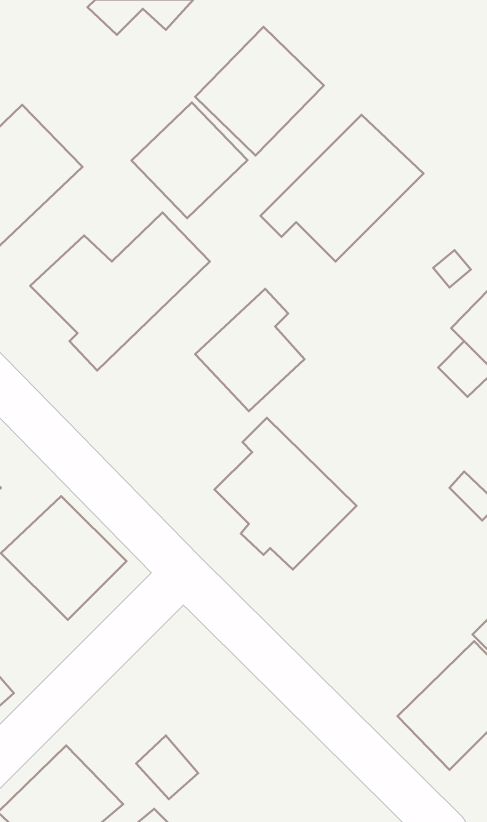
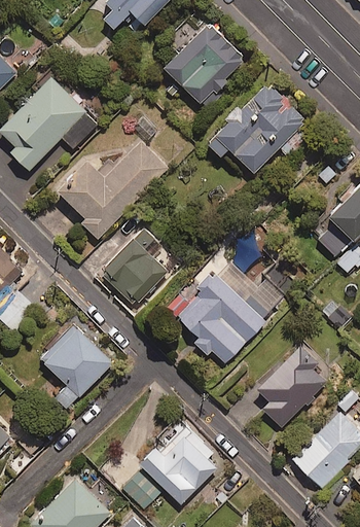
building: [131,103,248,218] -> none
building: [195,289,304,411] -> [101,230,170,307]
building: none -> [254,347,324,429]
building: none -> [139,425,224,503]

